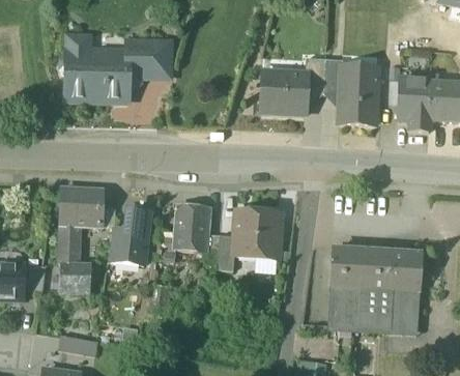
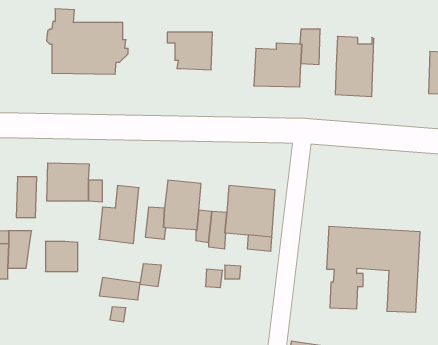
building: [126,41,170,78] -> [167,32,212,70]
building: [323,58,342,93] -> none
building: [398,78,430,131] -> none
building: [59,224,79,263] -> [16,177,37,217]
building: [360,289,391,330] -> none
building: [58,336,97,357] -> [99,277,140,300]

